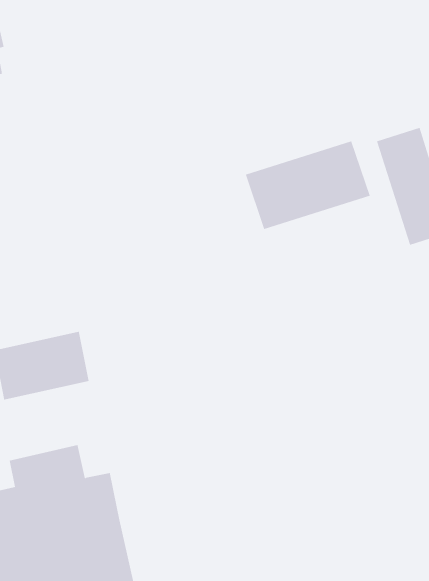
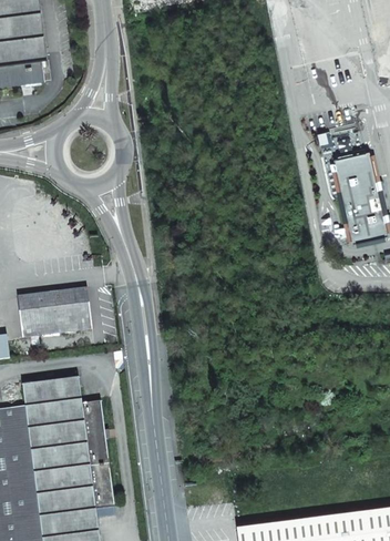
building: [245,140,370,230] -> none

